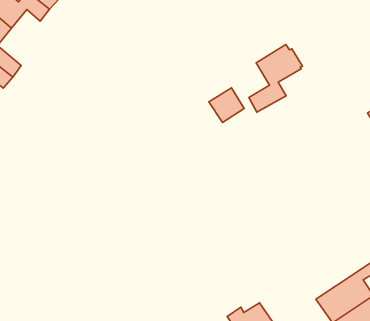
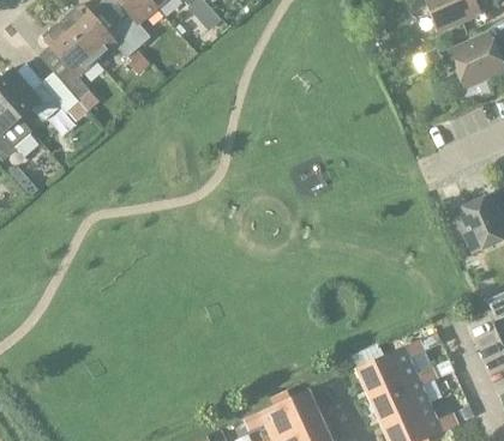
building: [249,44,302,112] -> none
building: none -> [355,340,425,397]

